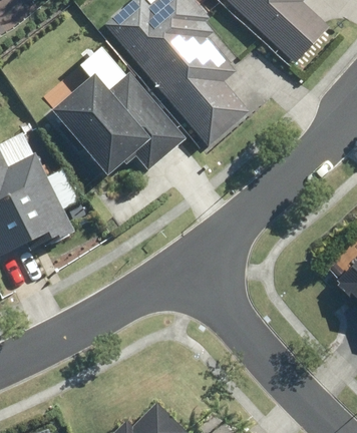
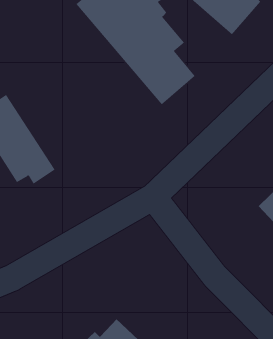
building: [51,70,187,176] -> none

